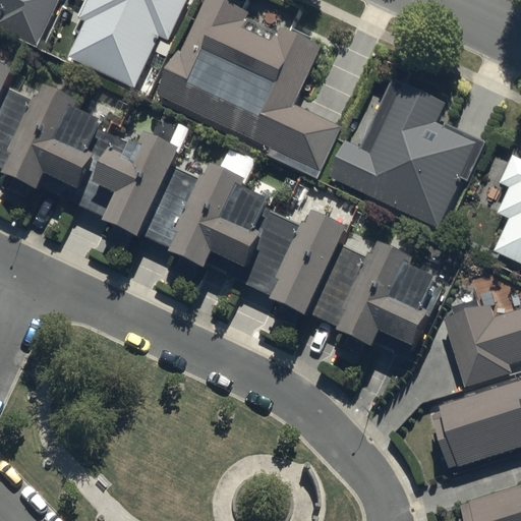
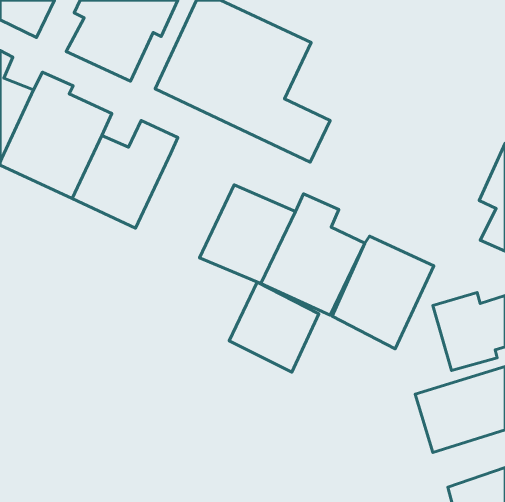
building: [330,78,478,224] -> none
building: [139,159,249,269] -> none
building: none -> [229,282,319,372]

